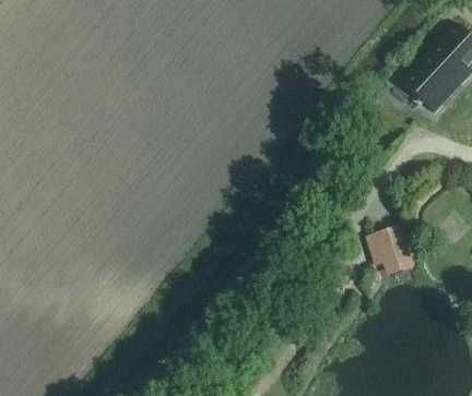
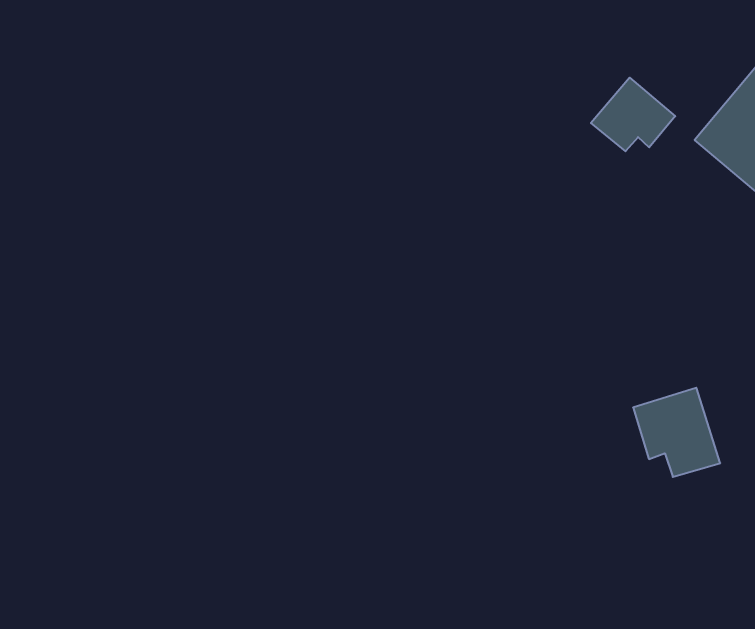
building: none -> [591,78,675,151]

